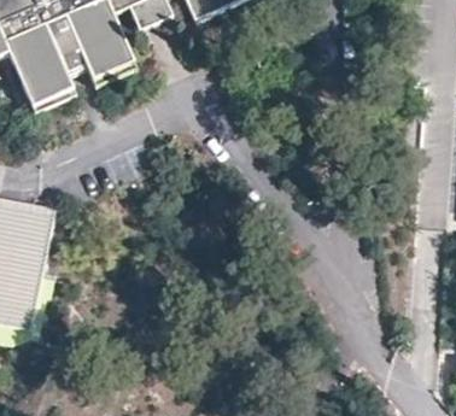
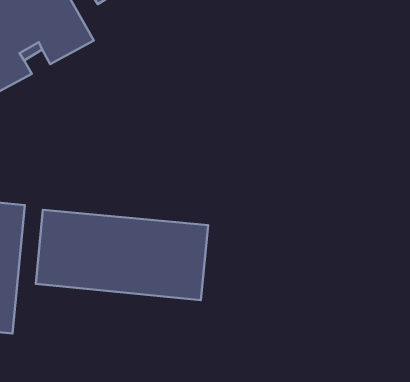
building: none -> [36,210,208,300]

